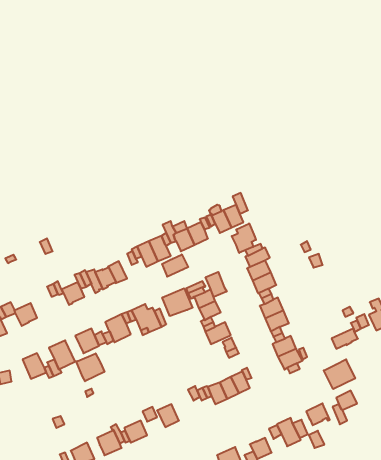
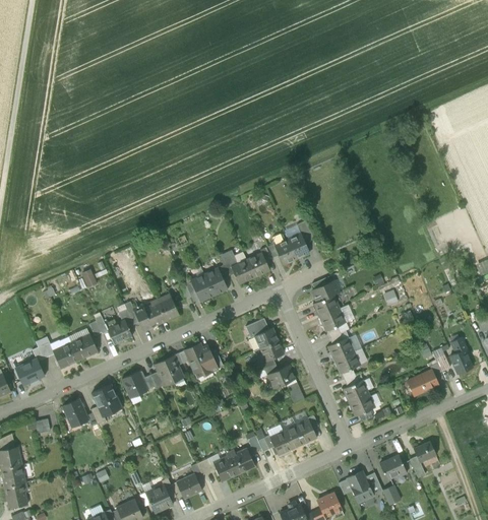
building: [232,223,256,253] -> none
building: [162,254,188,277] -> none
building: [206,272,227,297] -> none
building: [162,288,193,316] -> none
building: none -> [71,333,98,359]
building: [76,353,104,381] -> none
building: [324,359,355,389] -> none
building: none -> [229,447,254,473]

